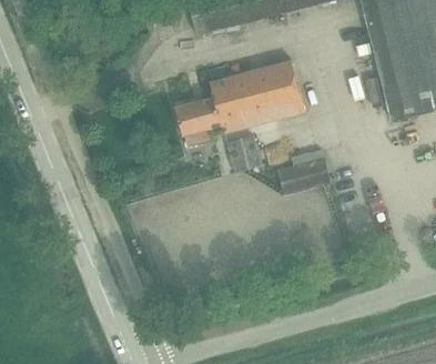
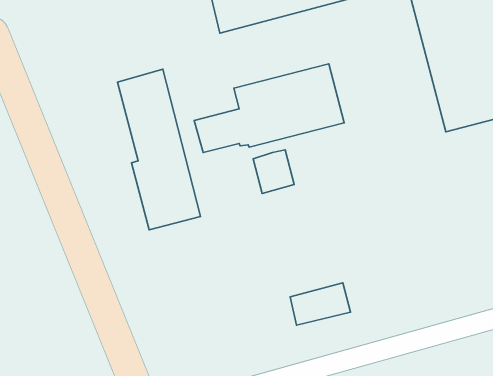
building: none -> [117,69,201,230]
building: [276,158,328,194] -> [290,283,350,325]

